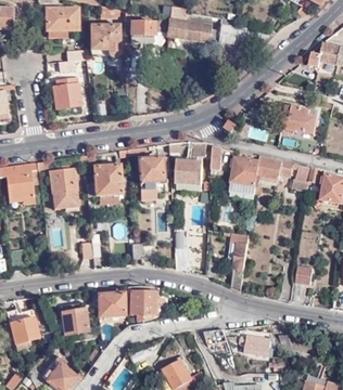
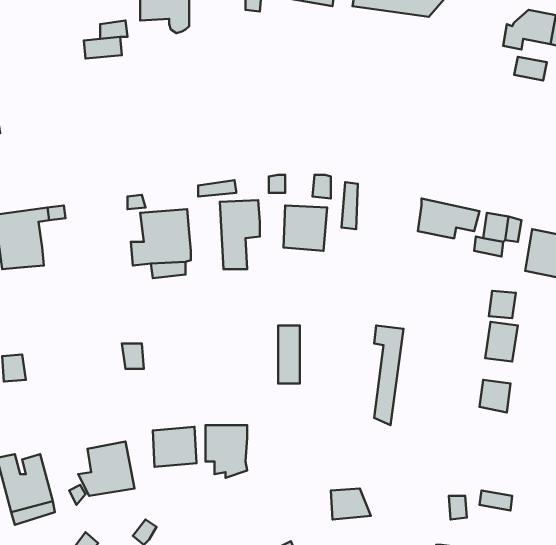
building: [52,77,82,116] -> none
building: [282,105,317,134] -> none
building: [230,157,259,194] -> none
building: [48,167,77,211] -> none
building: [239,336,276,358] -> none

